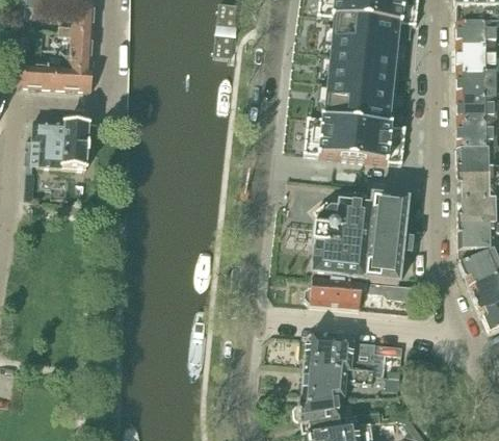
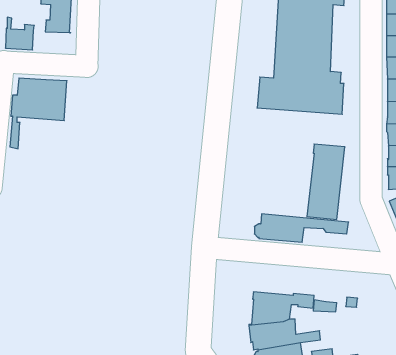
building: [51,66,95,89] -> none
building: [314,202,374,279] -> none
building: [301,337,399,369] -> none

